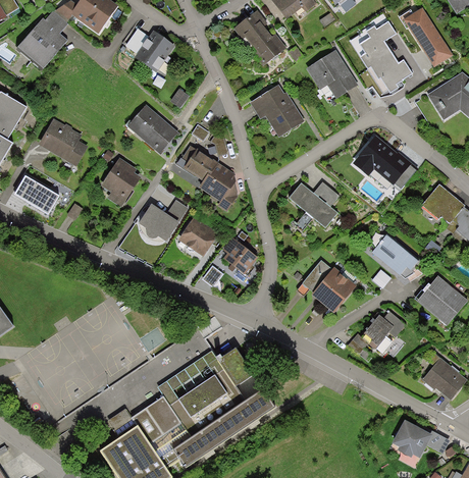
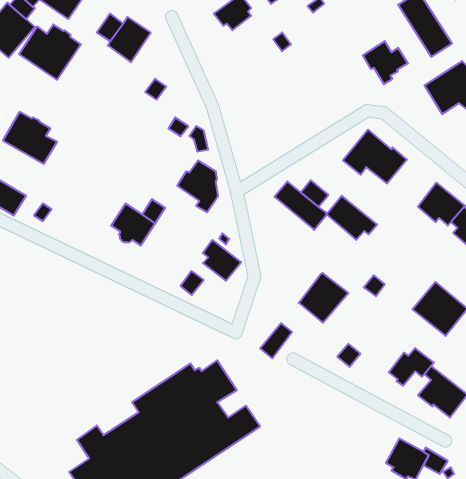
building: [359,20,396,68] -> none
building: [250,30,286,65] -> none
building: none -> [19,24,81,80]
building: [306,49,358,99] -> none
building: [250,85,304,137] -> none
building: [126,104,178,154] -> none
building: [181,145,218,181] -> none
building: [100,157,141,207] -> none
building: [177,217,218,256] -> none
building: [371,234,418,275] -> [326,196,377,240]
building: [302,260,331,293] -> [260,323,292,358]
building: [364,311,406,346] -> [389,348,434,386]

